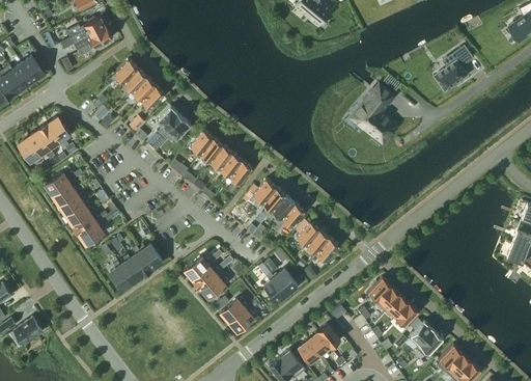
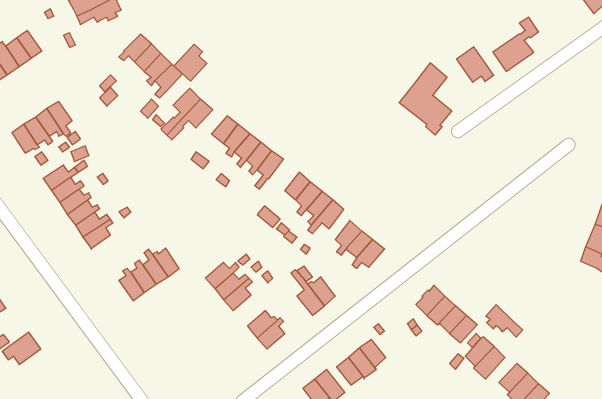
building: none -> [174,44,207,81]
building: none -> [457,47,494,82]
building: none -> [486,305,523,337]

